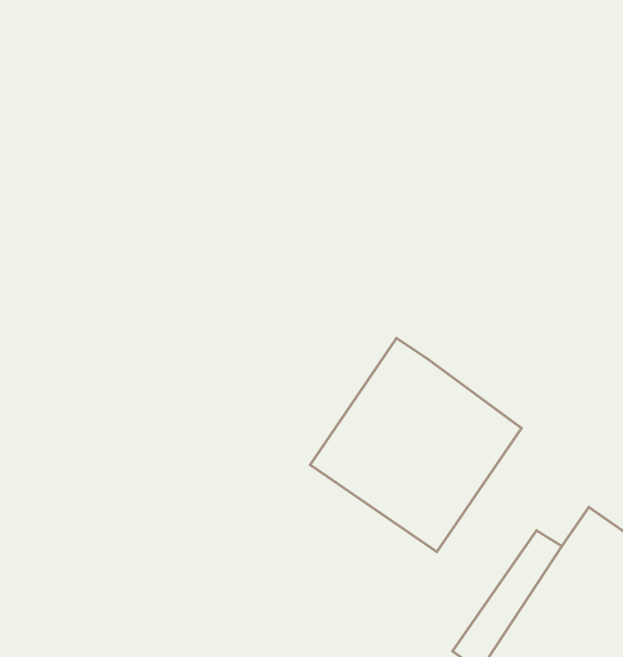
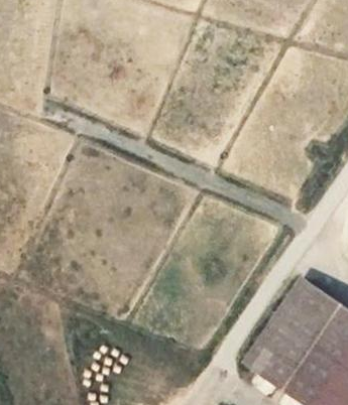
building: [310,338,522,552] -> none

